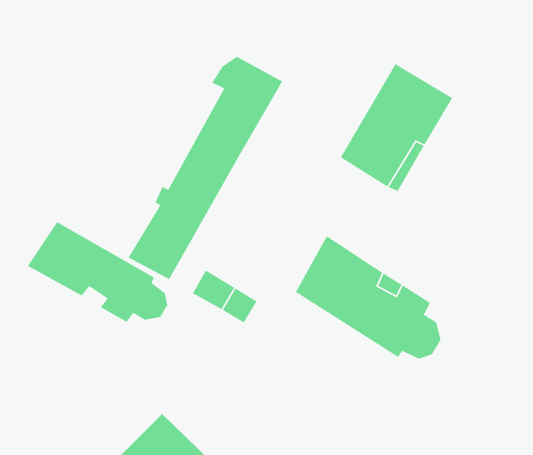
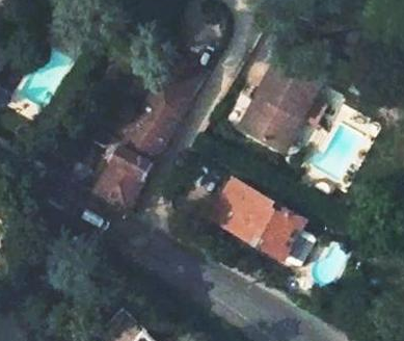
building: [27,221,168,323] -> none

